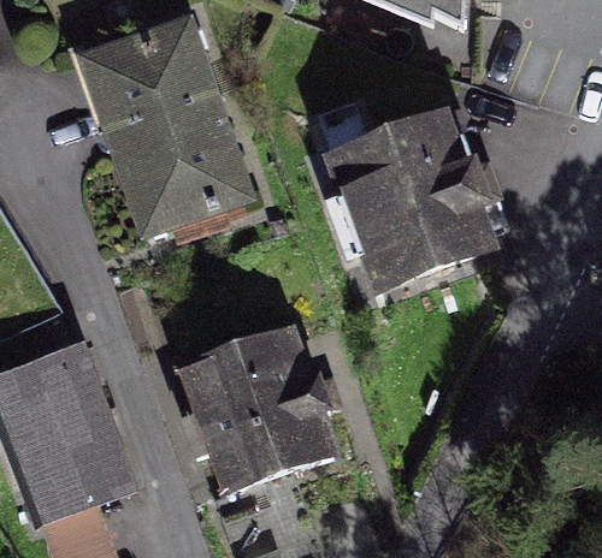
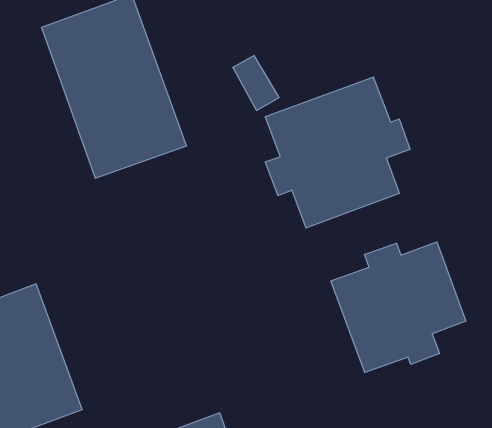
building: none -> [331,242,466,373]
building: [184,330,335,492] -> none

